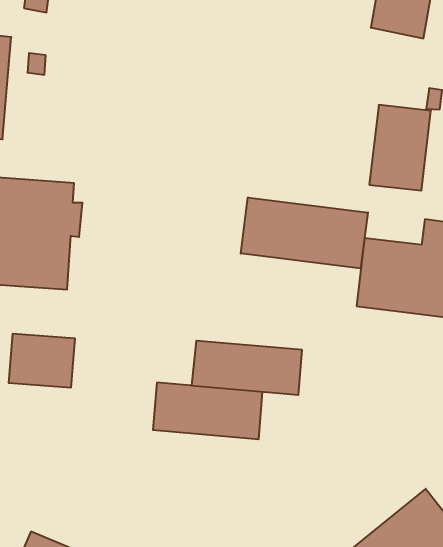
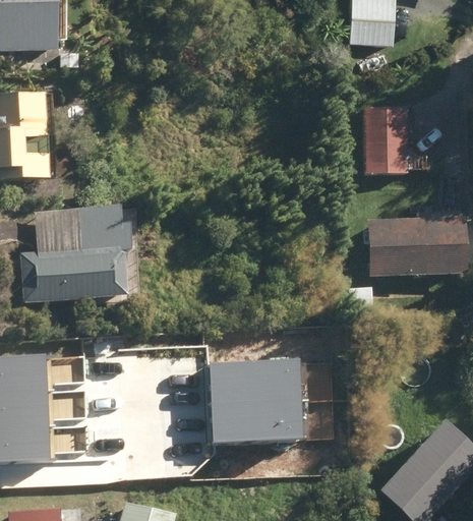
building: [241,197,368,269] -> none
building: [9,334,75,388] -> none
building: [191,341,302,395] -> [213,398,303,440]

